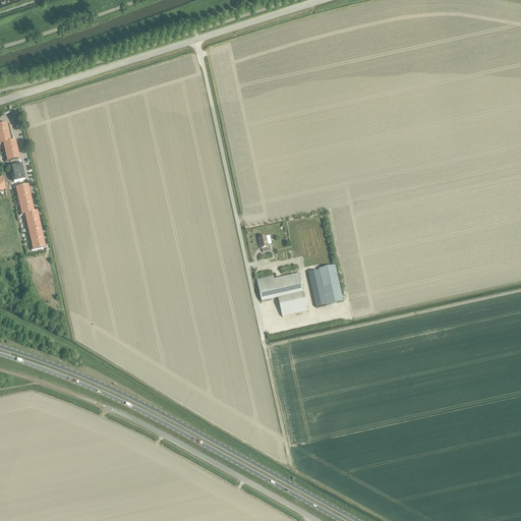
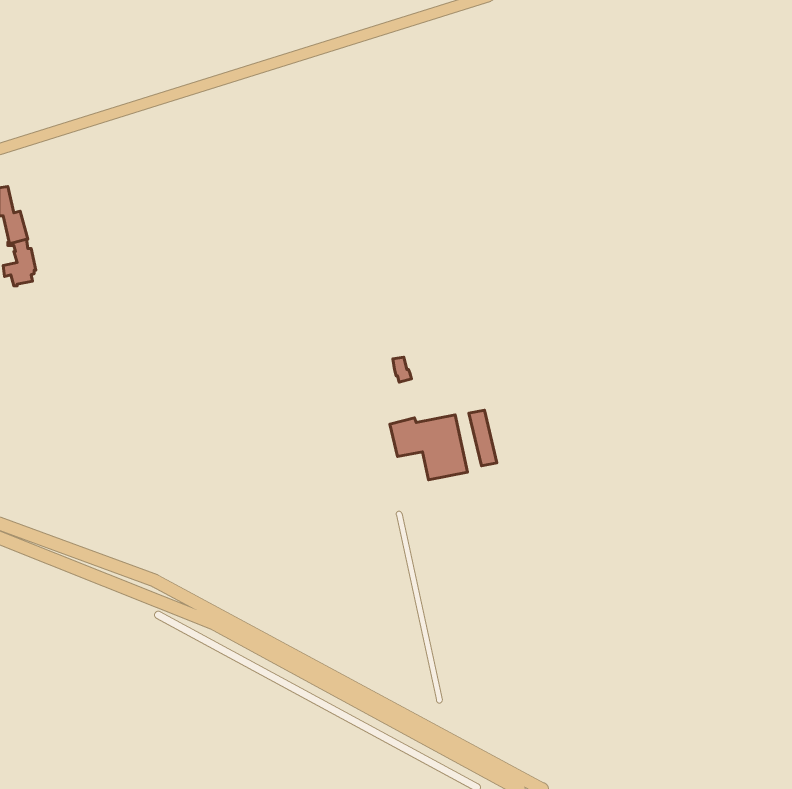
building: [11,182,44,247] -> none
building: [317,264,342,303] -> none

